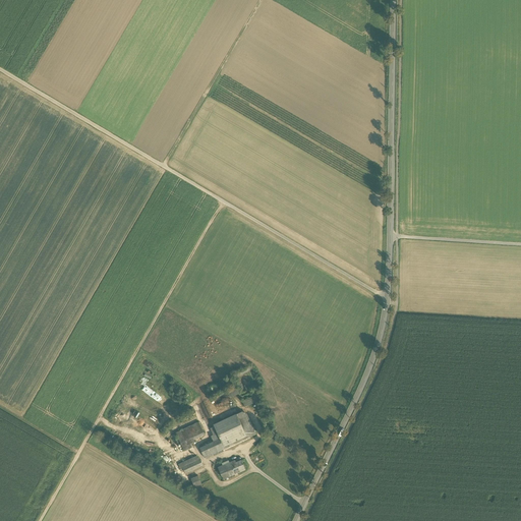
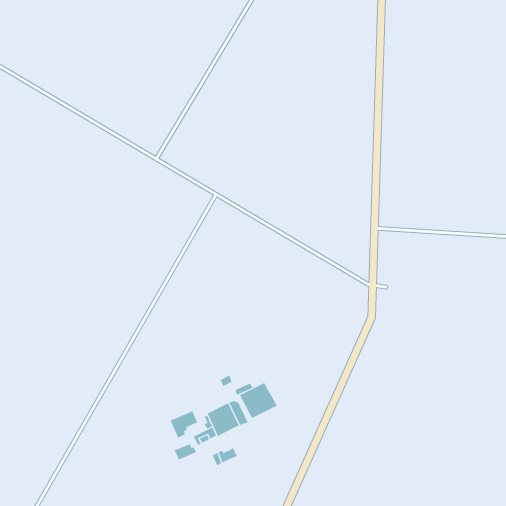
building: none -> [239,382,277,419]

